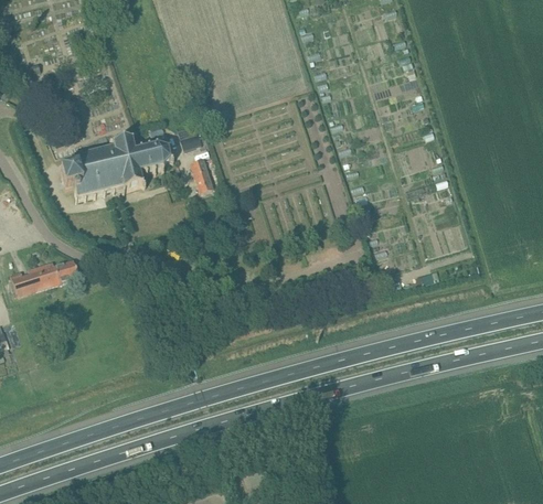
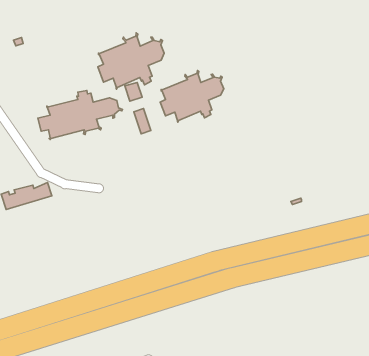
building: none -> [98,33,164,89]
building: none -> [160,71,224,122]

